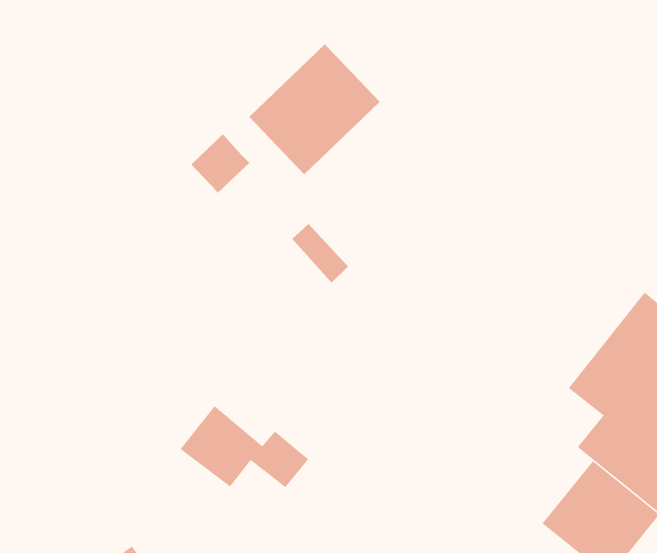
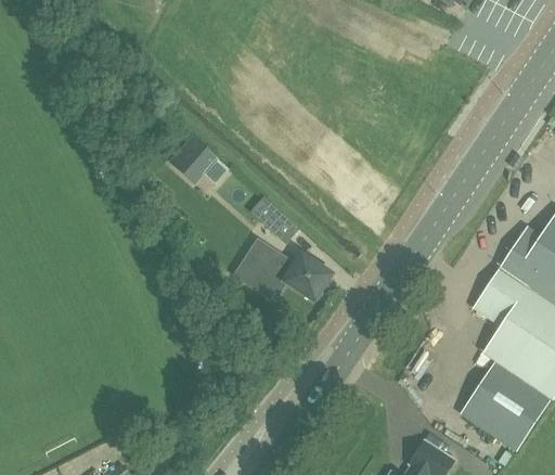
building: [248,44,381,175] -> none
building: [180,405,309,488] -> [231,241,331,303]

